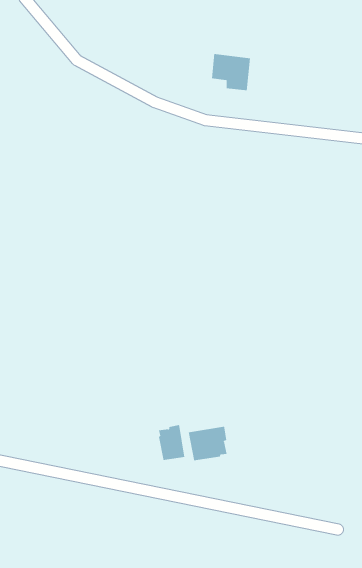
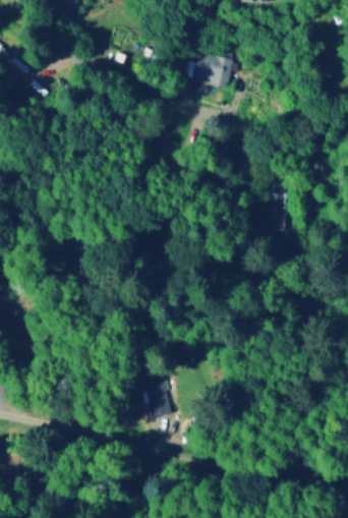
building: [188,426,227,461] -> none

